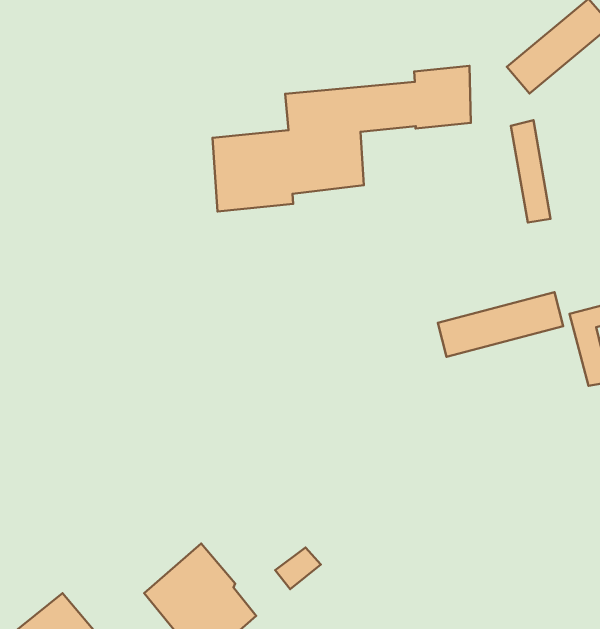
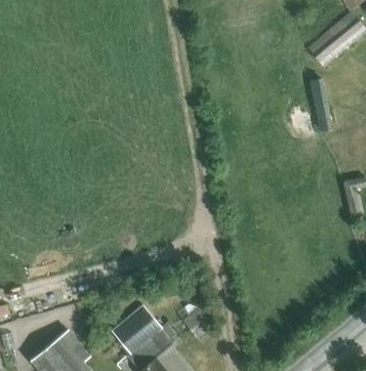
building: [213,66,471,212] -> none
building: [438,292,563,357] -> none

